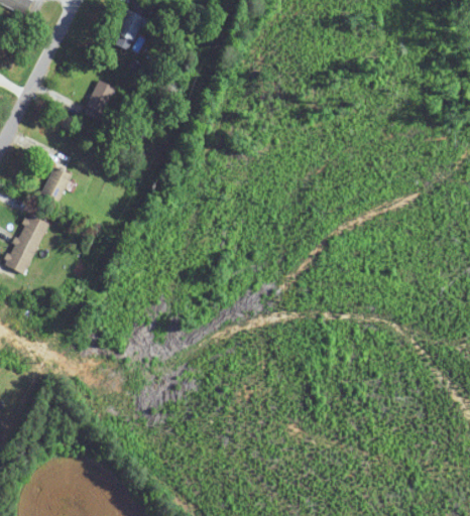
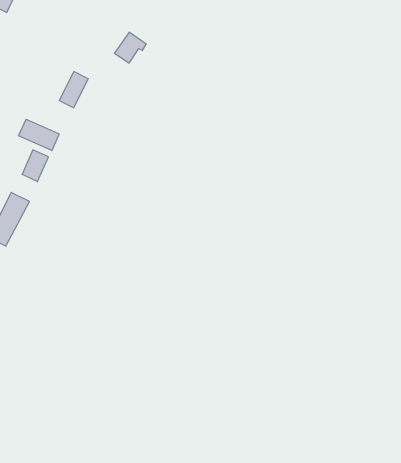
building: [114,8,149,42] -> [114,32,146,63]
building: none -> [19,119,59,151]

